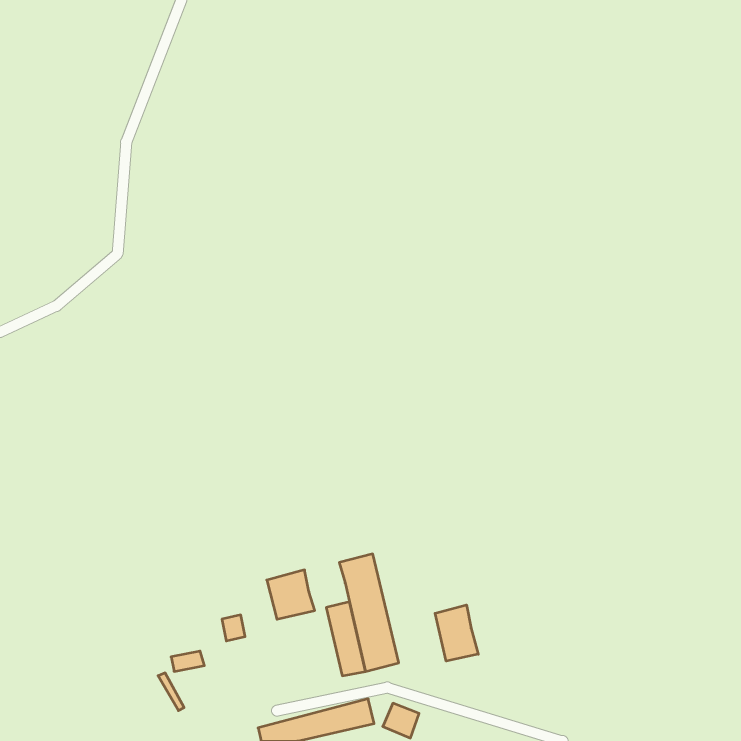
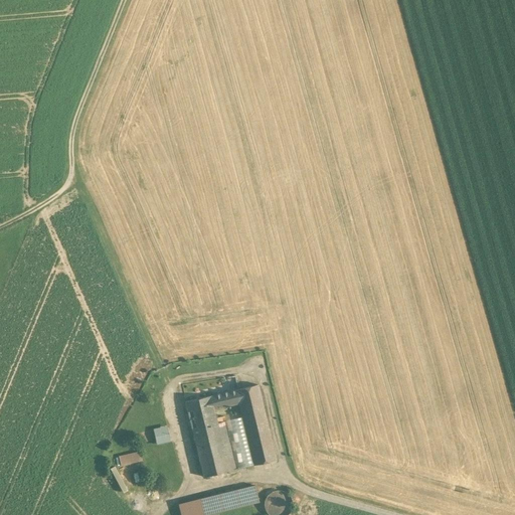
building: none -> [211,390,239,410]
building: [435,605,478,661] -> none
building: none -> [192,421,237,477]

